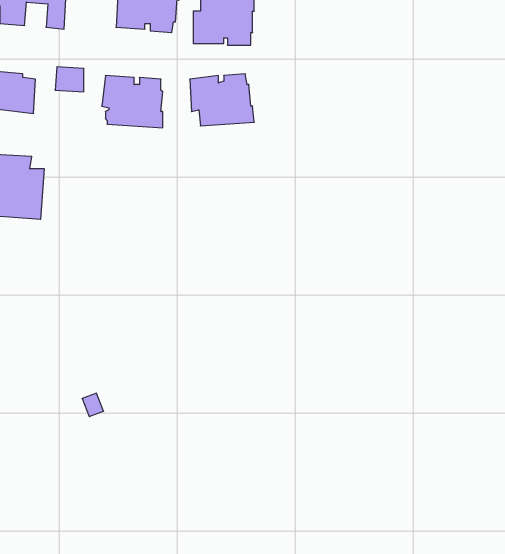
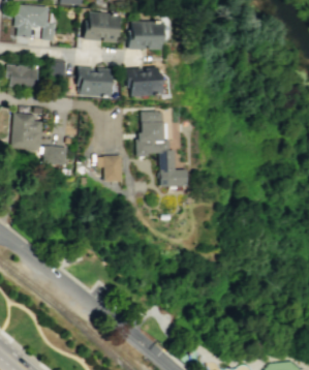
building: none -> [135,111,186,185]
building: none -> [43,146,67,165]
building: none -> [97,155,123,182]

